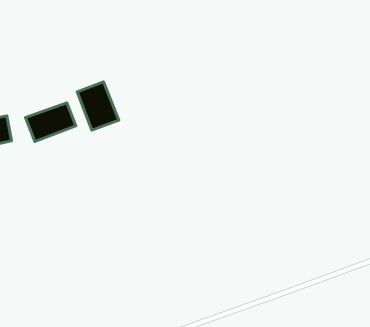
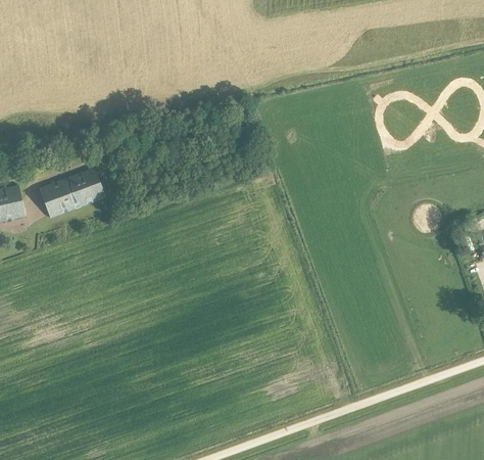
building: [77,82,119,130] -> none

